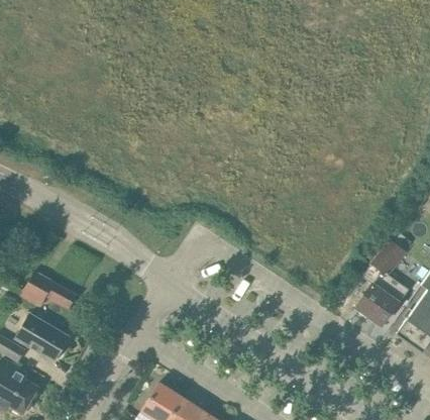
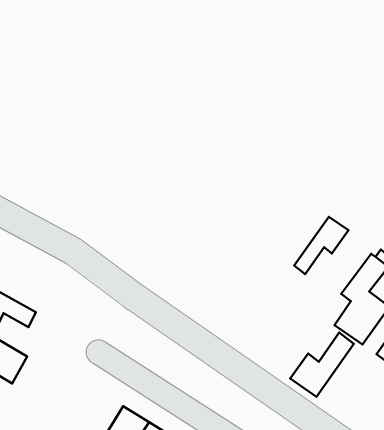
building: none -> [294,217,348,274]
building: none -> [290,332,354,397]

